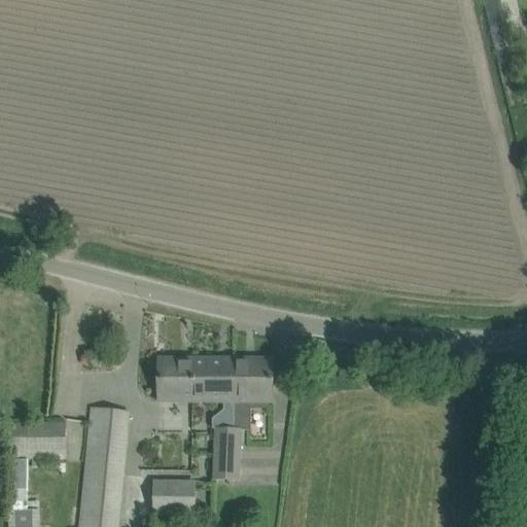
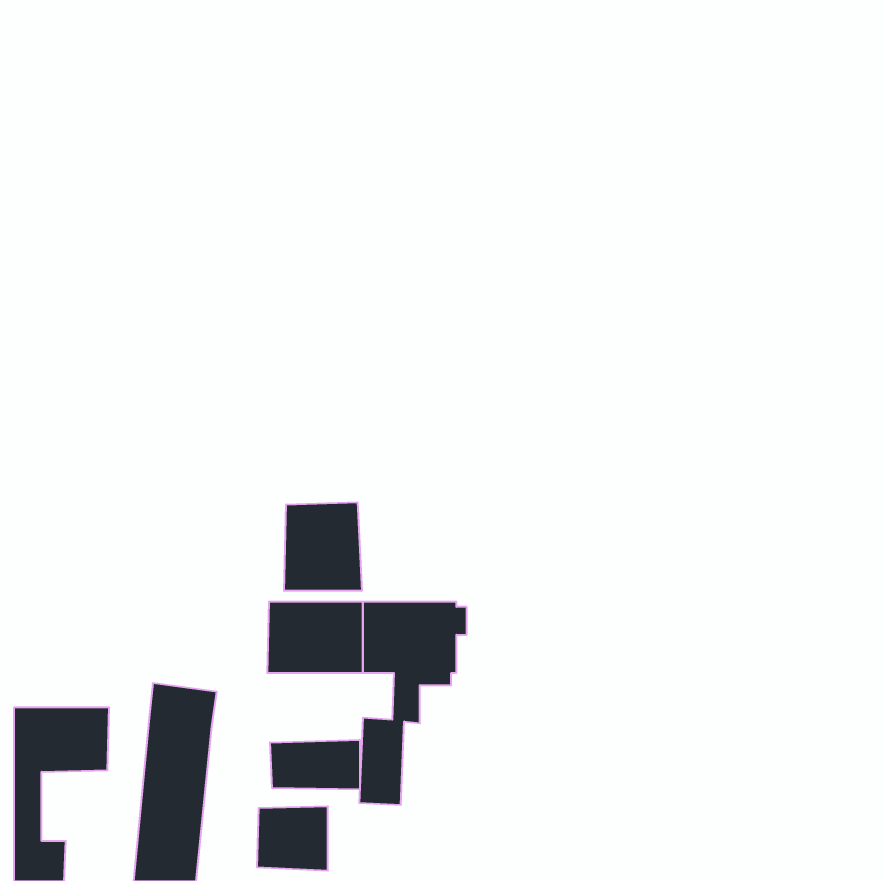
building: none -> [284,502,362,591]
building: none -> [270,740,360,790]

